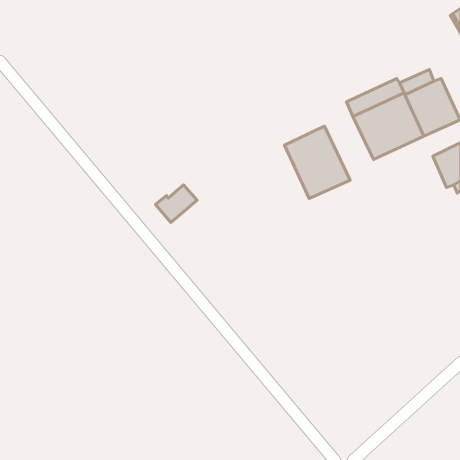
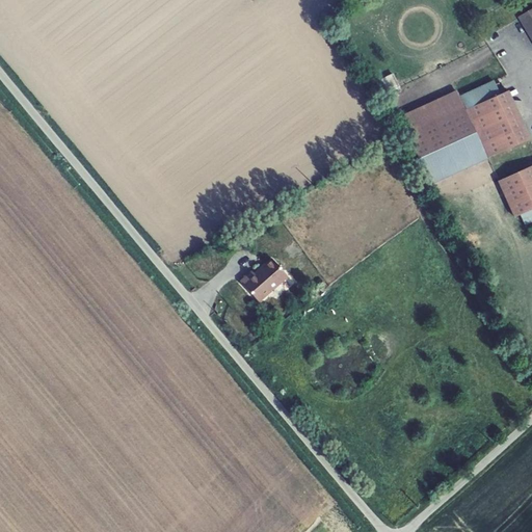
building: [284,126,350,198] -> none
building: [156,185,197,223] -> [241,258,289,301]

